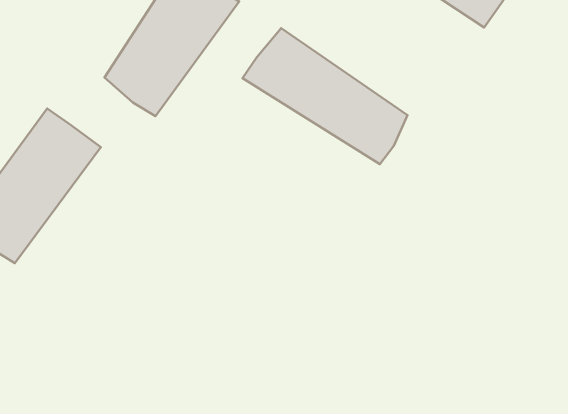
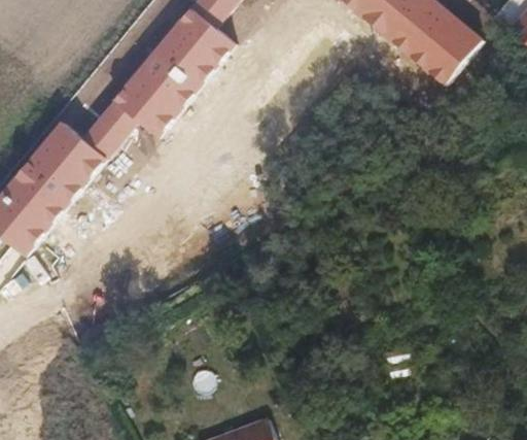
building: [243,28,407,164] -> none
building: none -> [82,99,137,159]

